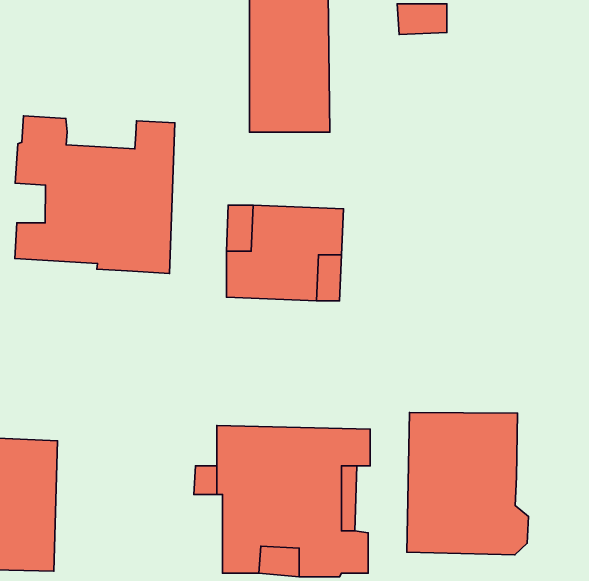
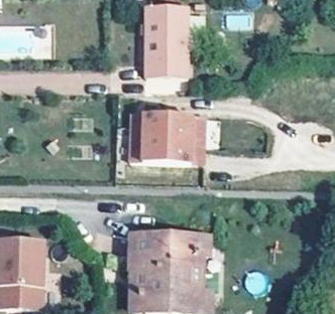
building: [15,116,175,273] -> none
building: [407,413,528,555] -> none

